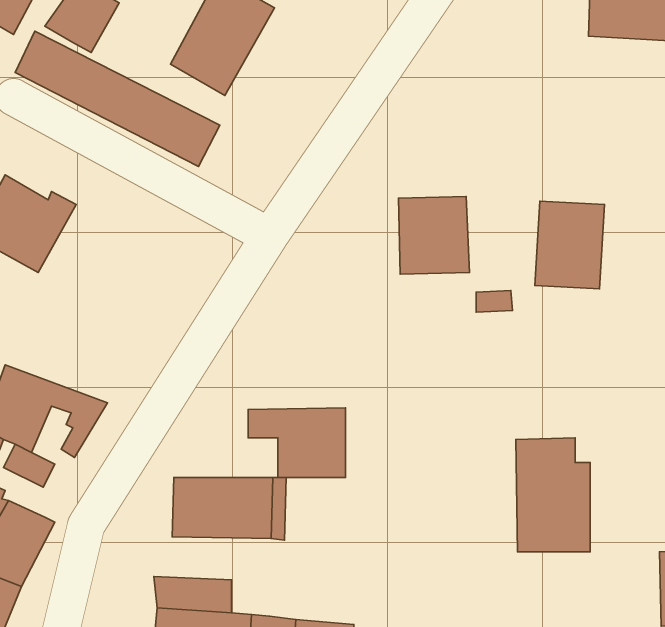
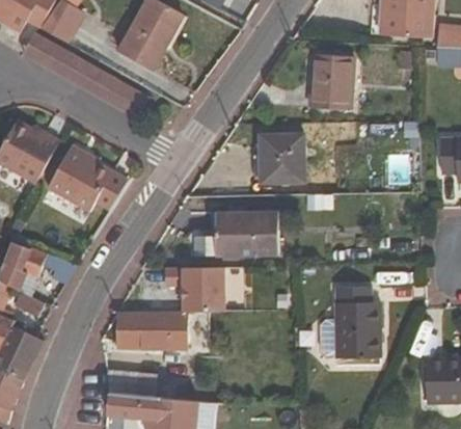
building: [535,201,604,289] -> [309,55,353,110]
building: none -> [47,144,127,211]
building: none -> [193,212,278,257]

